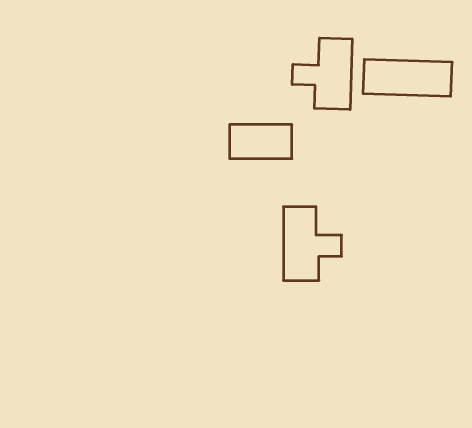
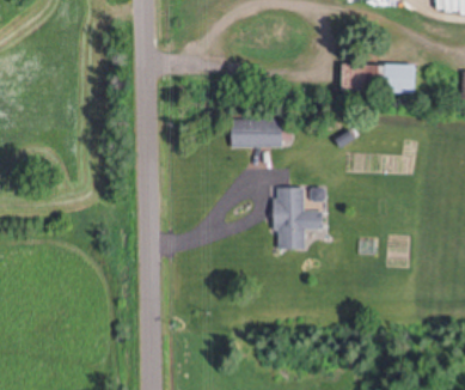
building: [292,38,352,110] -> none

